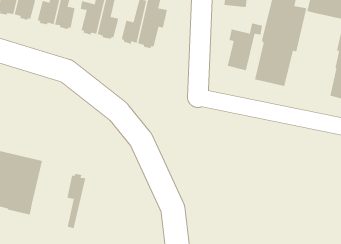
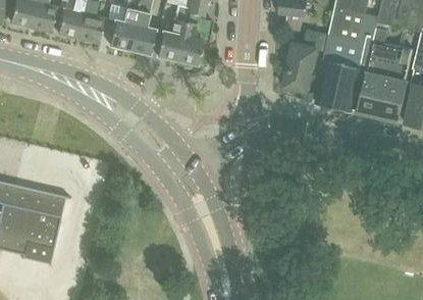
building: none -> [357,20,411,120]
building: [67,173,86,229] -> none

